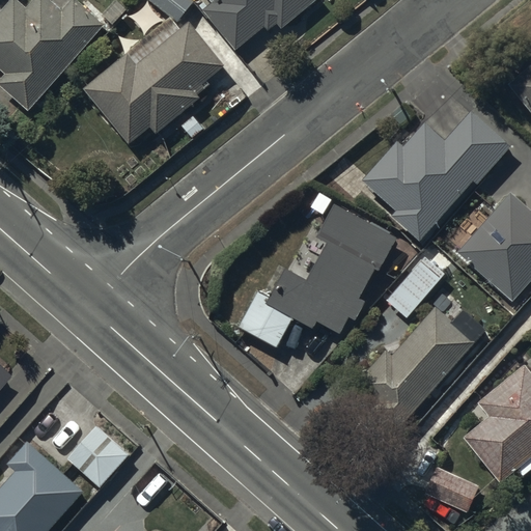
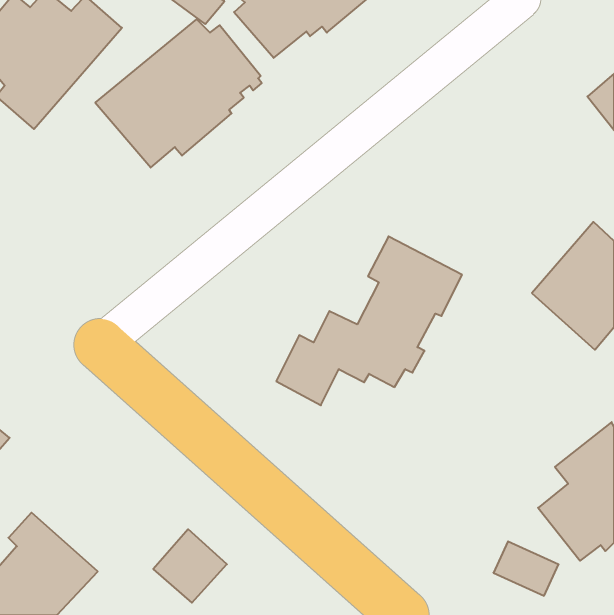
building: [361,109,511,242] -> none
building: [386,254,445,318] -> none
building: [354,307,486,426] -> none
building: [66,424,130,487] -> [153,529,227,603]

